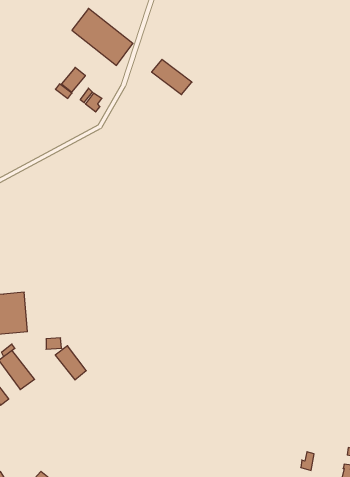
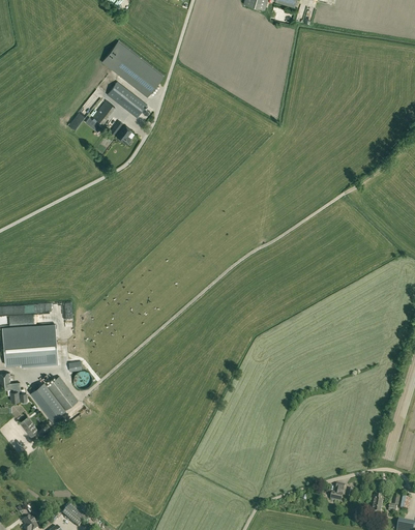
building: [152,59,192,95] -> [107,82,147,117]
building: [55,346,86,380] -> [47,376,78,410]

